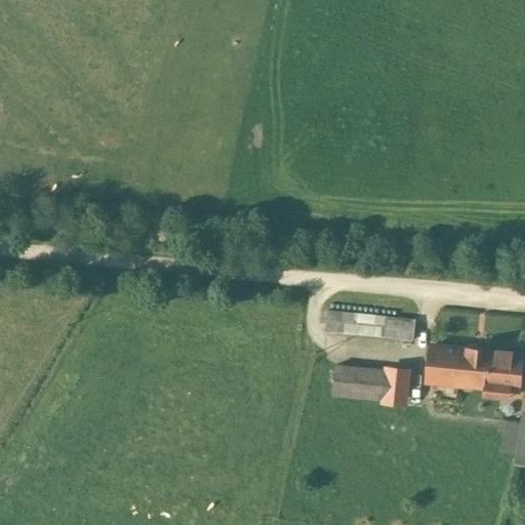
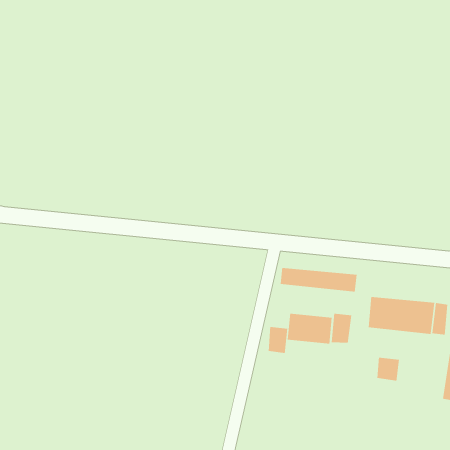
building: none -> [268,326,288,354]
building: none -> [377,357,399,381]

